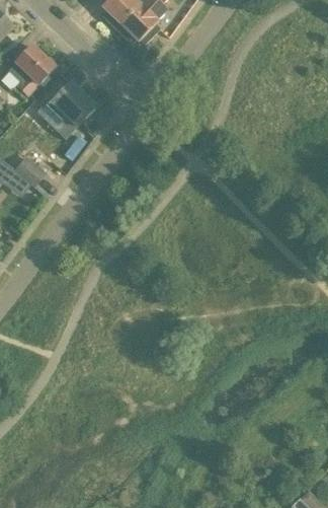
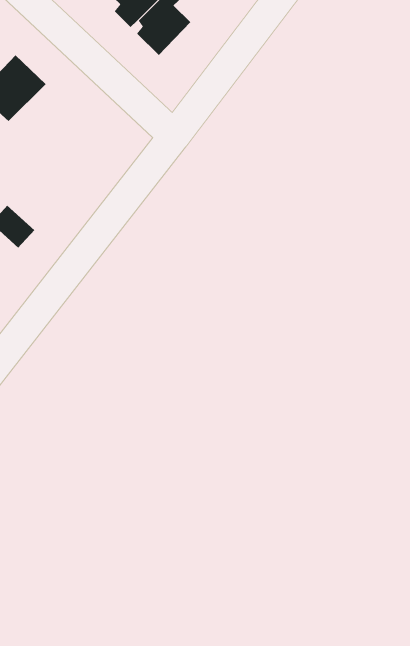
building: [37,81,96,137] -> none

